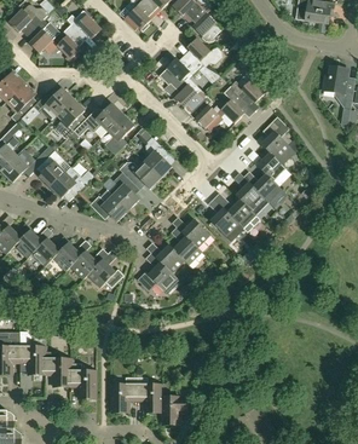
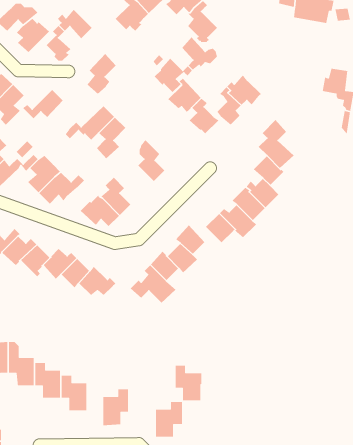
building: [54,98,83,138] -> [86,53,117,94]
building: [119,161,160,189] -> none
building: [135,376,162,411] -> [175,365,202,401]

